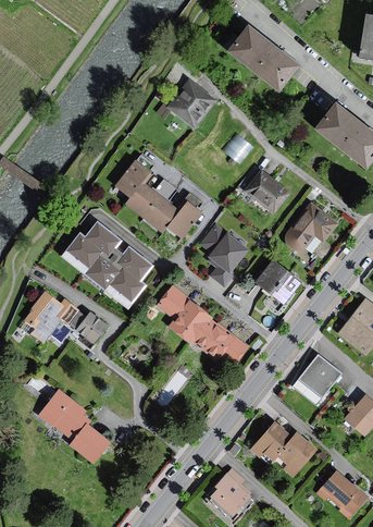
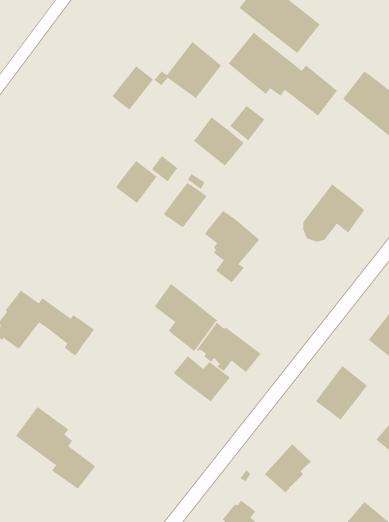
building: none -> [228,32,338,116]
building: [114,159,150,197] -> [111,66,154,110]
building: [247,170,290,212] -> [193,116,245,166]
building: [144,195,178,232] -> none
building: [66,220,152,299] -> none
building: [257,260,300,302] -> none
building: none -> [173,355,230,402]
building: [275,431,316,476] -> none

